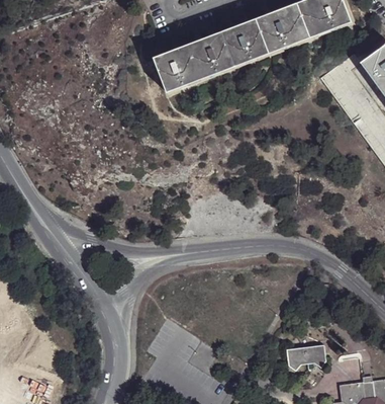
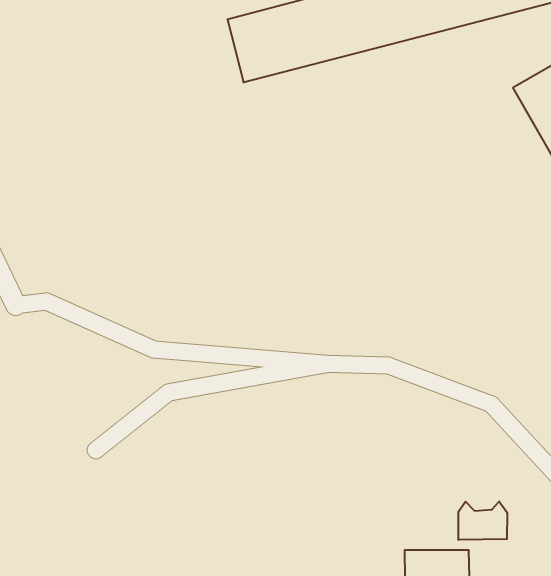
building: none -> [458,501,507,540]

